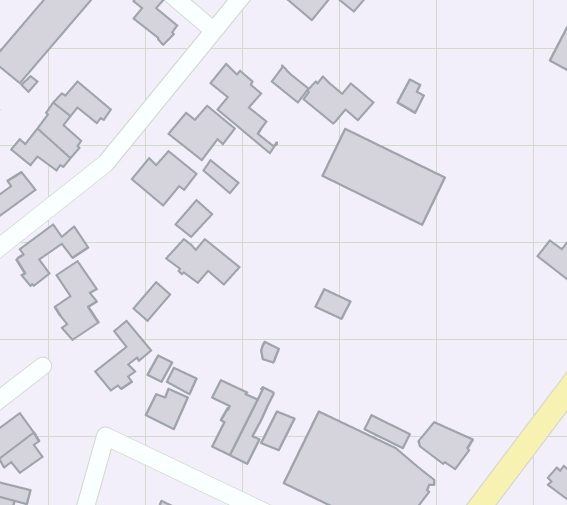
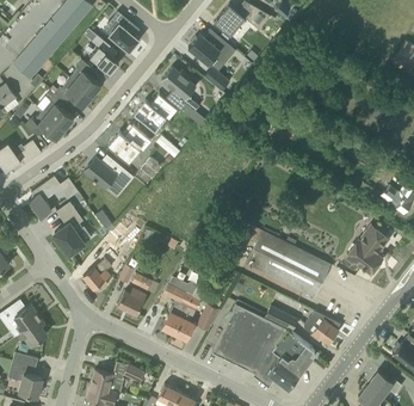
building: none -> [91,37,119,76]
building: none -> [70,61,100,98]
building: [304,76,374,124] -> [186,35,234,67]
building: [323,129,445,225] -> [246,232,329,297]
building: [166,239,240,285] -> [84,158,134,189]
building: none -> [346,226,389,275]

